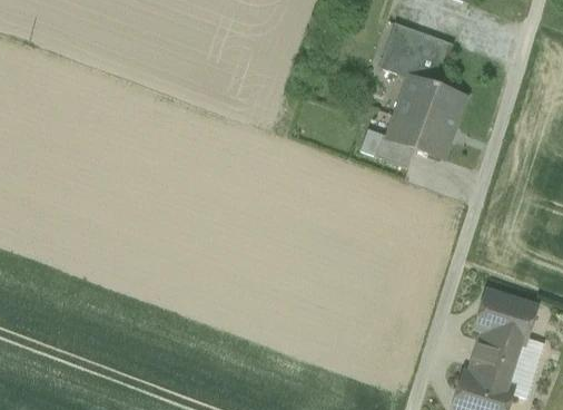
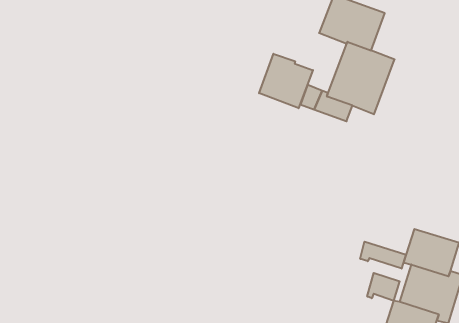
building: none -> [259,54,313,108]
building: none -> [360,242,406,269]
building: none -> [367,273,400,301]

